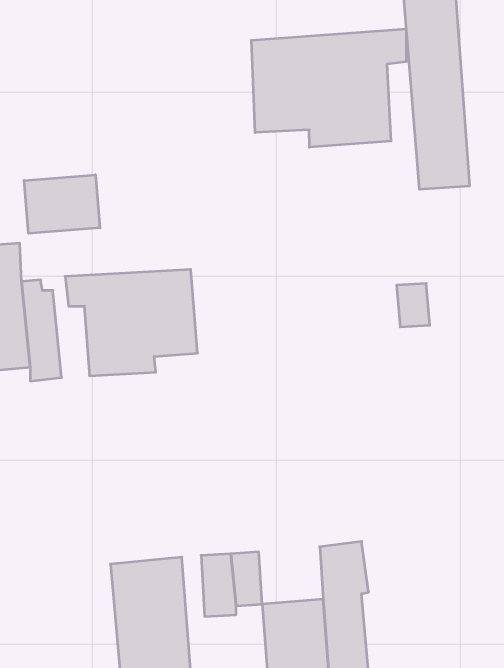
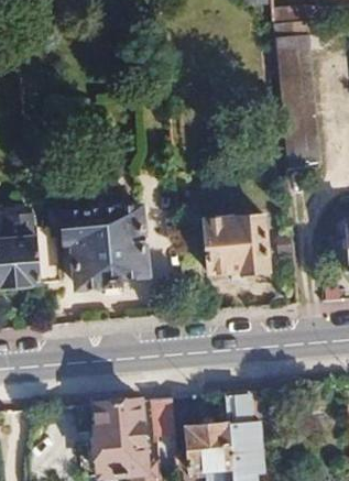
building: [251,29,406,147] -> none
building: [24,175,100,233] -> none
building: none -> [204,215,271,276]

